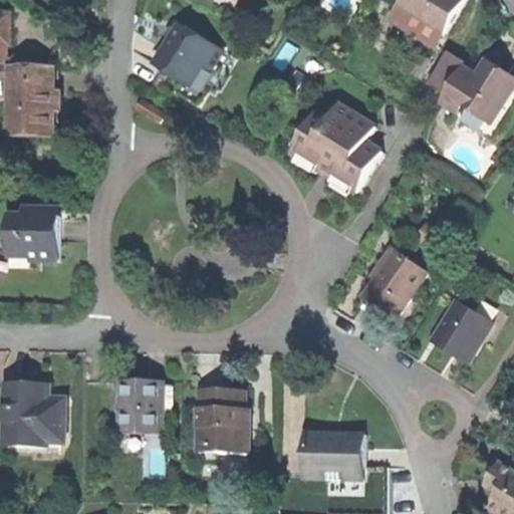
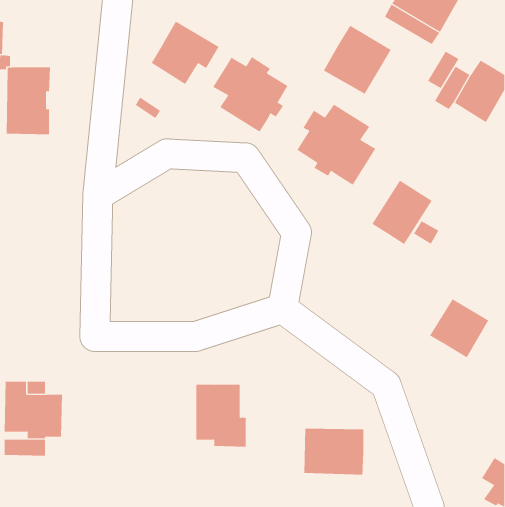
building: none -> [323,25,391,94]
building: none -> [213,56,288,132]
building: [4,207,56,262] -> none
building: [363,251,425,316] -> [372,180,432,245]
building: [114,378,160,425] -> none

